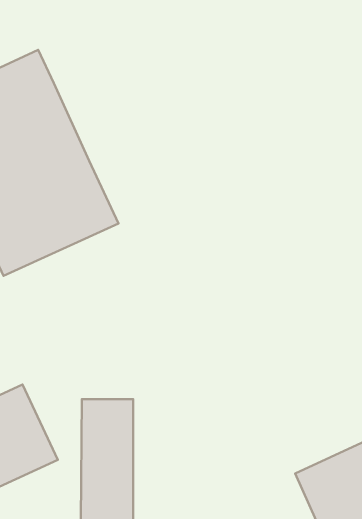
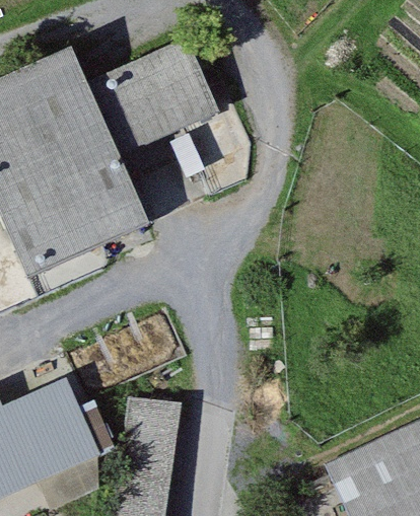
building: none -> [90,46,212,161]

